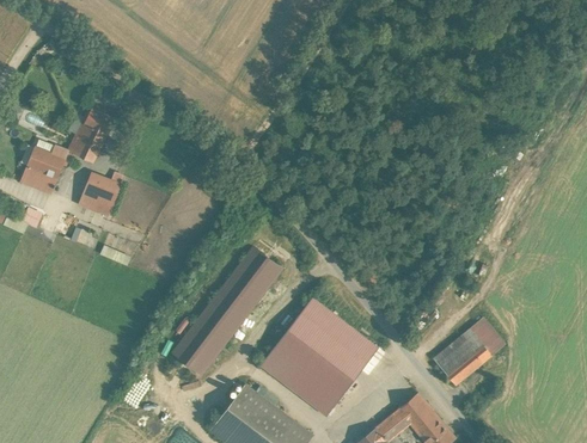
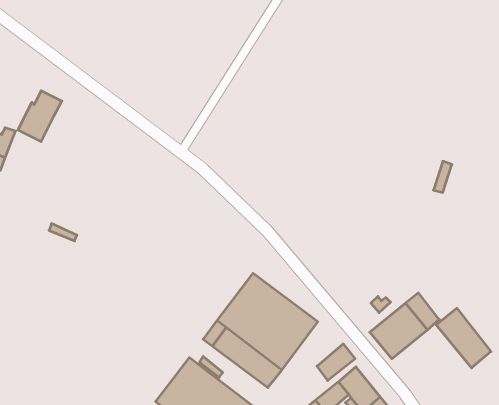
building: [79,172,122,216] -> none
building: [172,242,280,377] -> none
building: none -> [436,308,491,368]
building: none -> [317,344,355,381]

